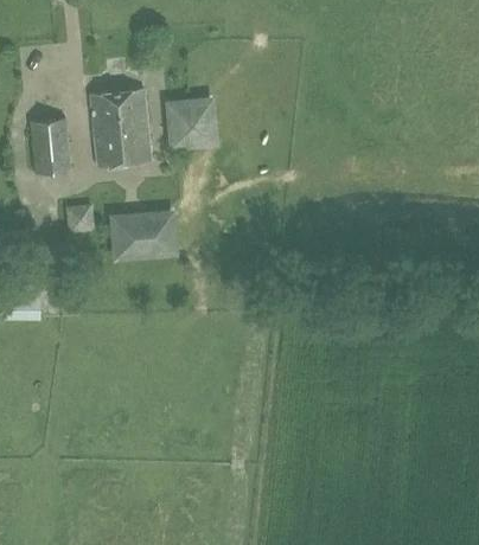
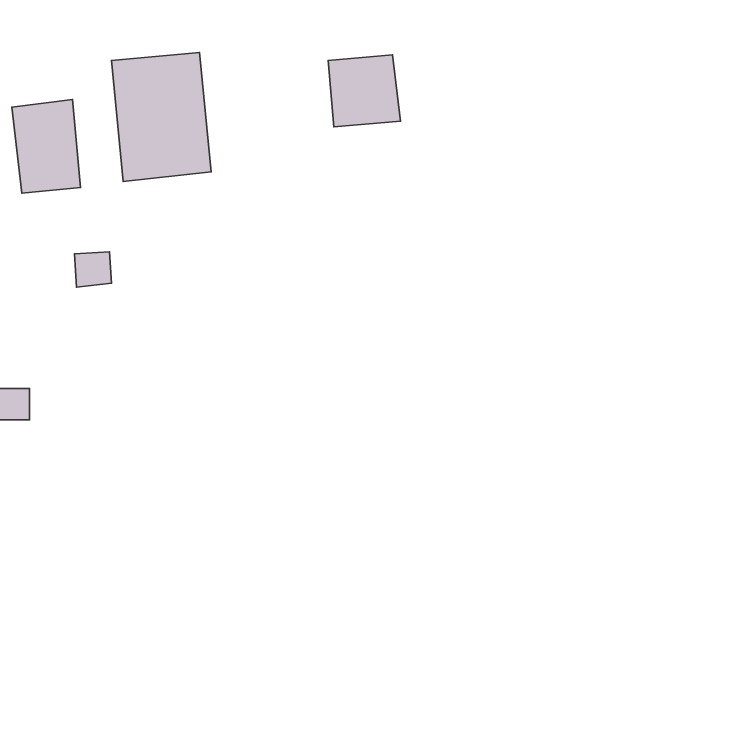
building: [168,103,212,147] -> [328,55,400,127]
building: [111,216,172,259] -> none

